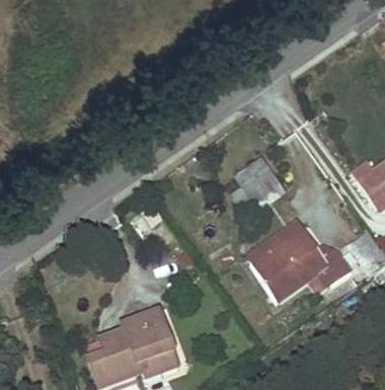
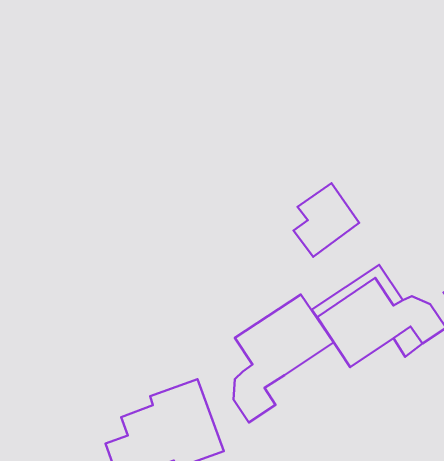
building: none -> [233,295,333,423]

